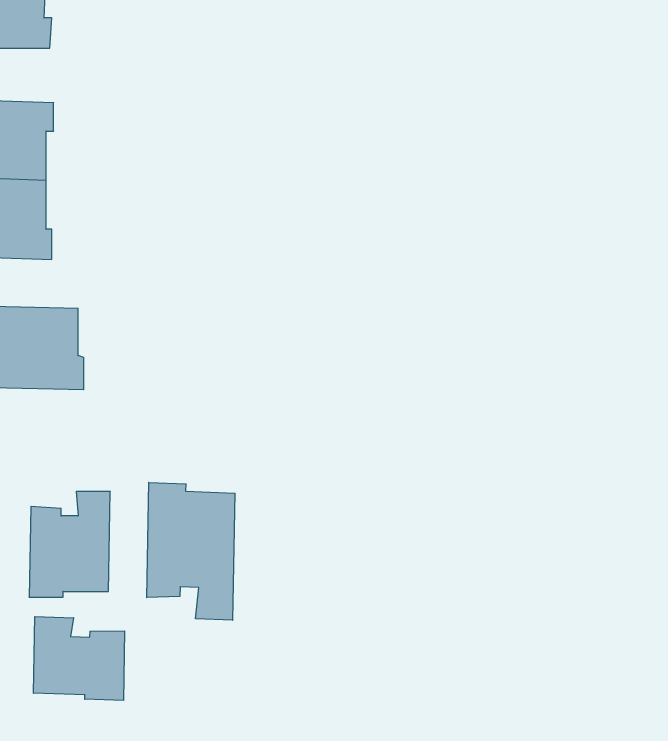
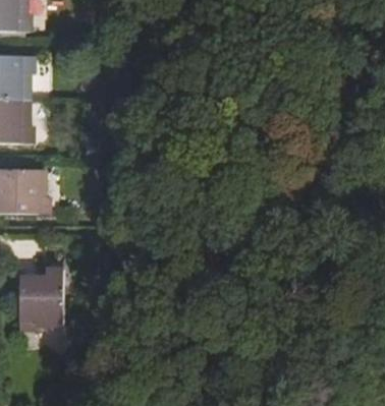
building: [147,482,235,620] -> none
building: [34,617,124,700] -> none

